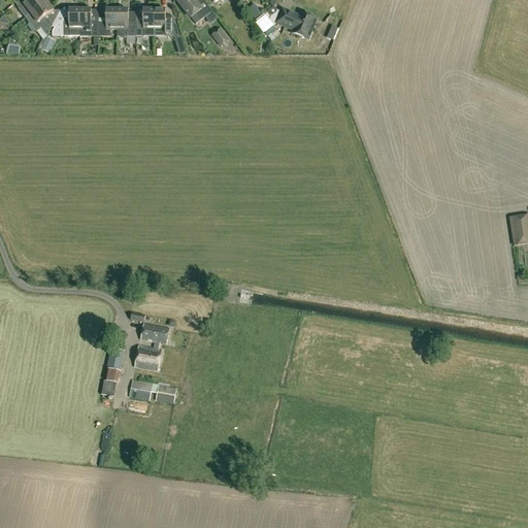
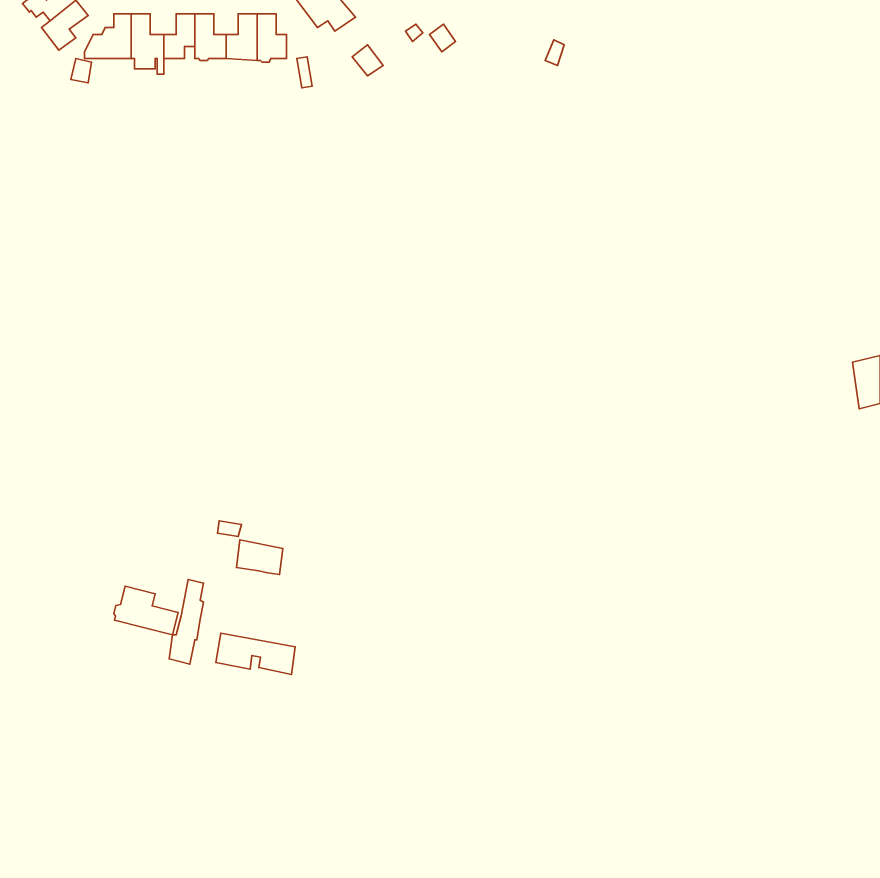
building: [274,7,317,38] -> none
building: [134,341,162,371] -> none
building: none -> [114,586,178,635]

